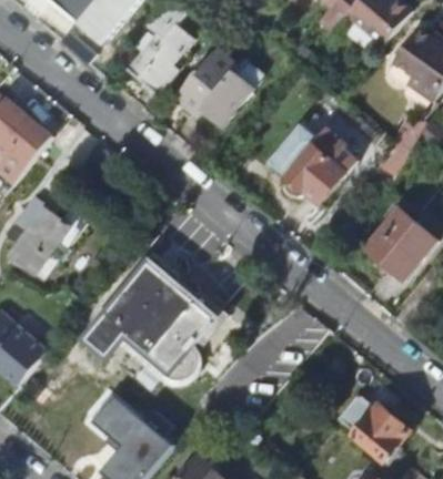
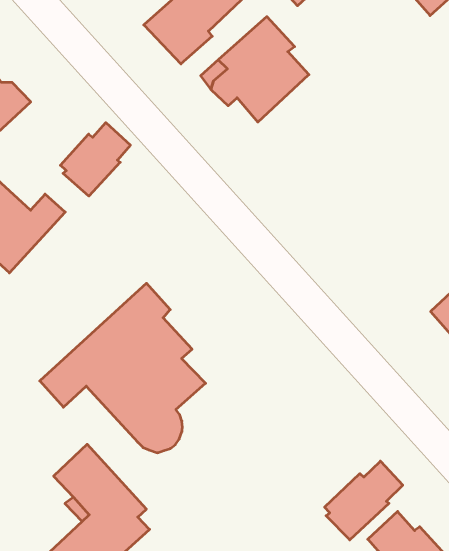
building: [265,125,356,206] -> none
building: none -> [60,123,130,196]
building: none -> [325,461,403,540]

